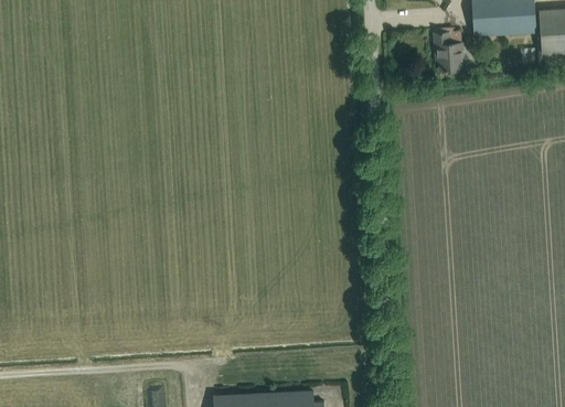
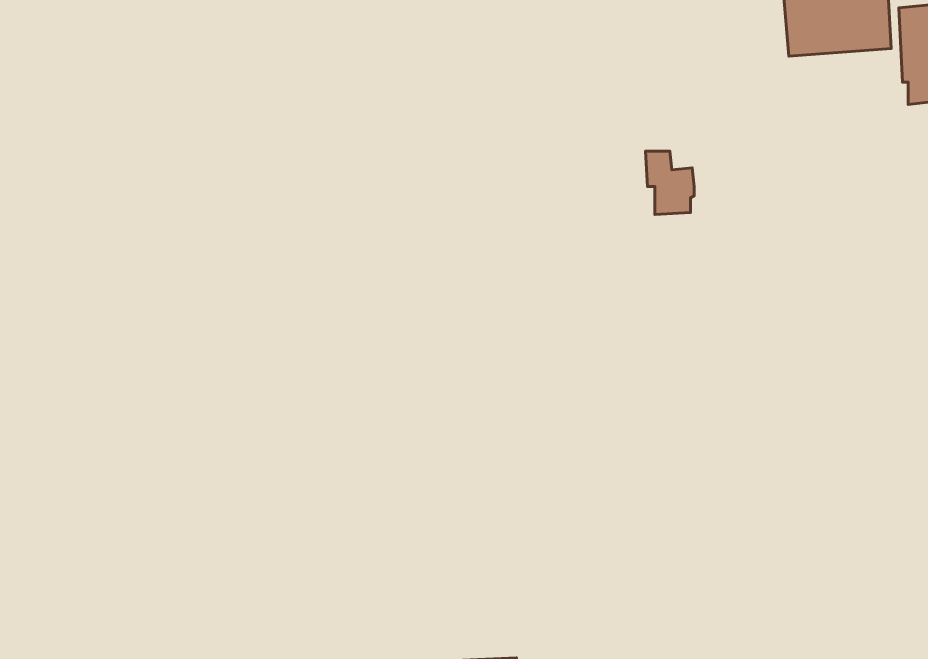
building: [434,32,462,69] -> [646,151,694,214]

